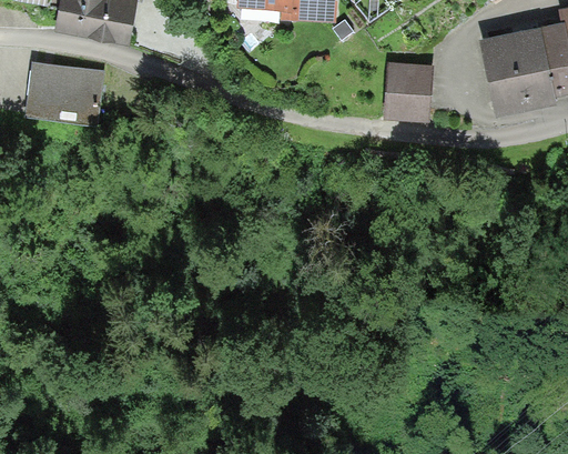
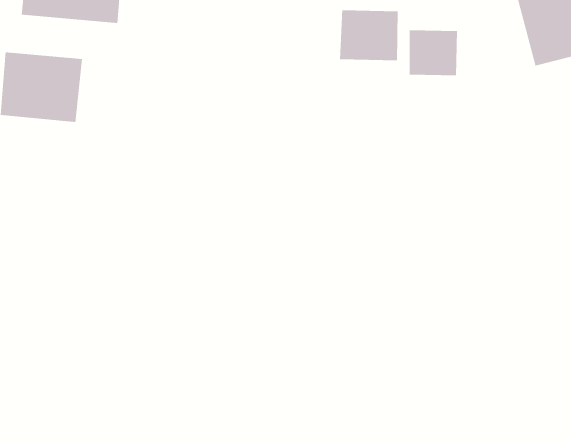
building: none -> [340,10,398,61]

